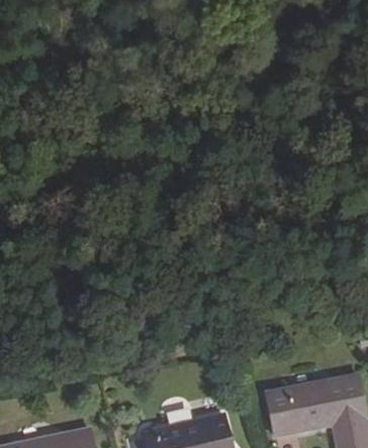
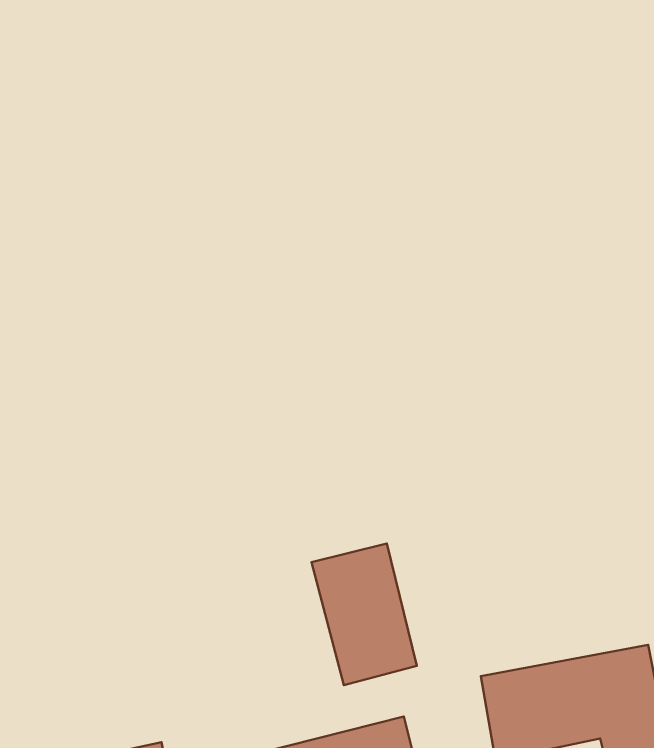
building: none -> [311,543,417,685]

